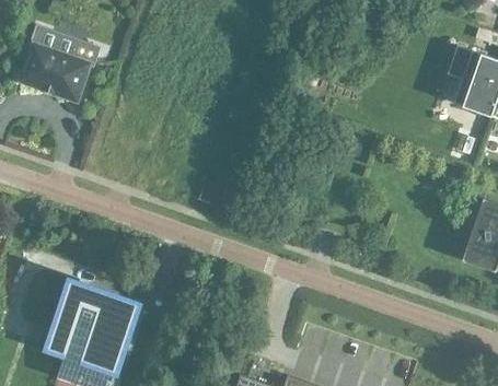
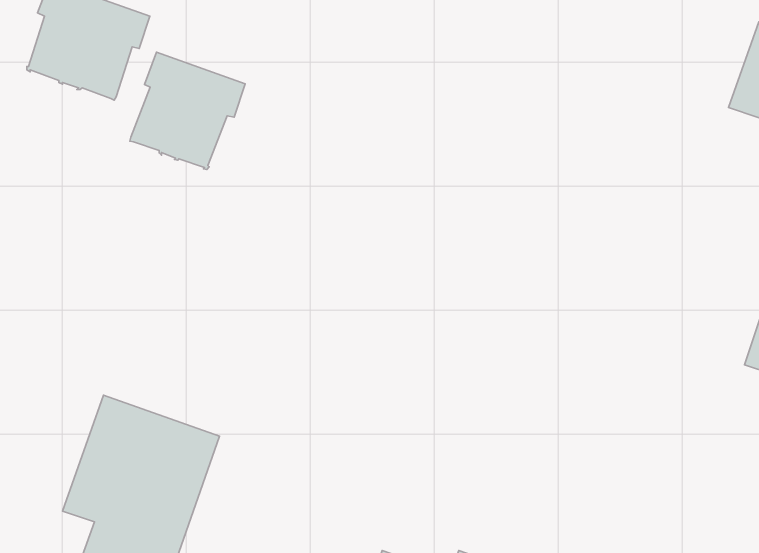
building: none -> [130,52,245,170]

